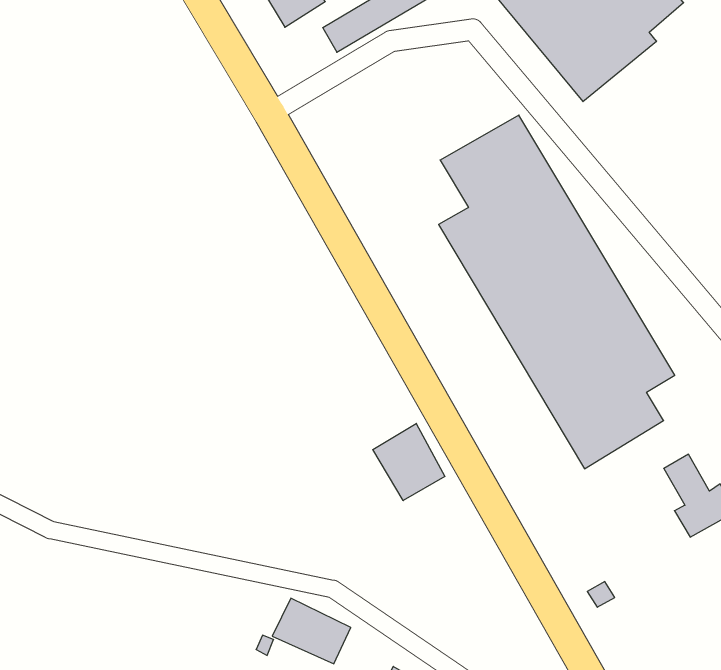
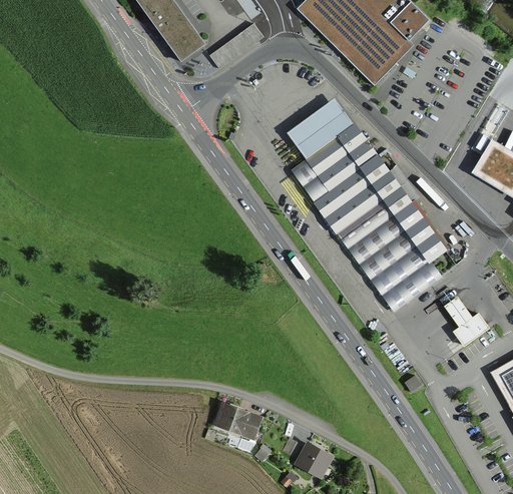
building: [373,423,445,501] -> none

